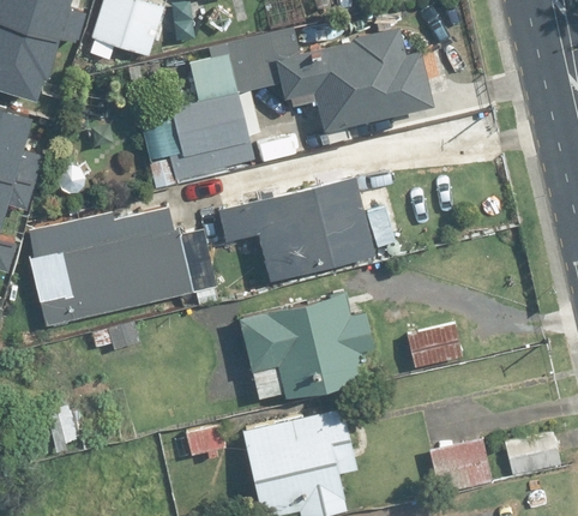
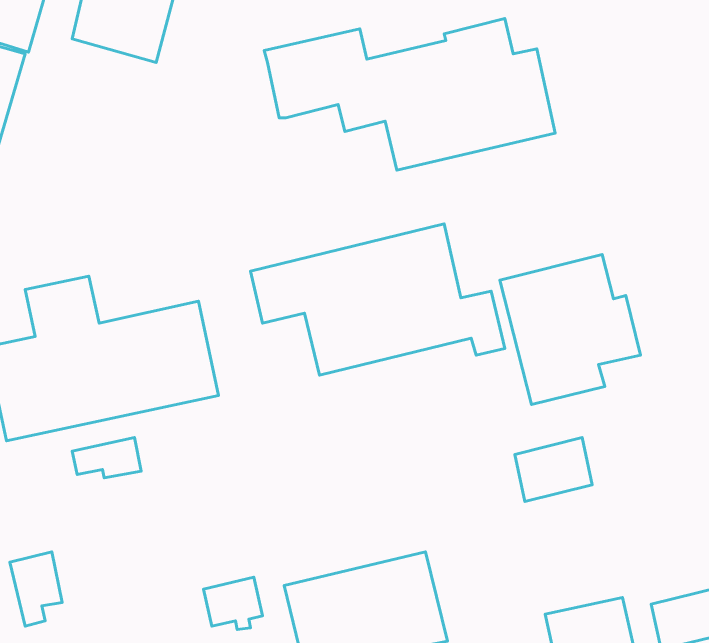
building: [138,56,260,190] -> none
building: none -> [500,255,640,405]
building: [239,290,375,400] -> none

